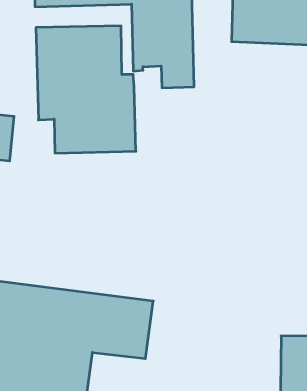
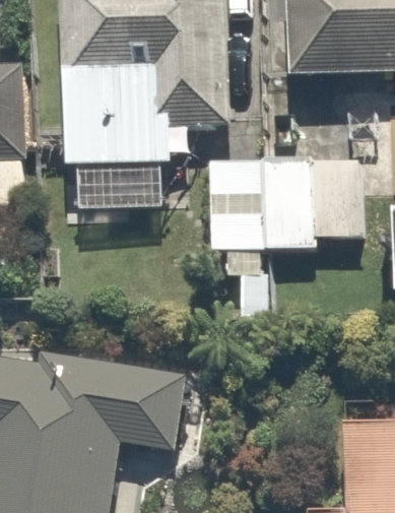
building: none -> [205,154,364,246]

